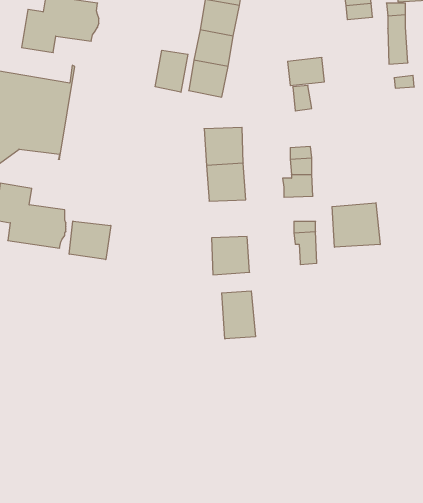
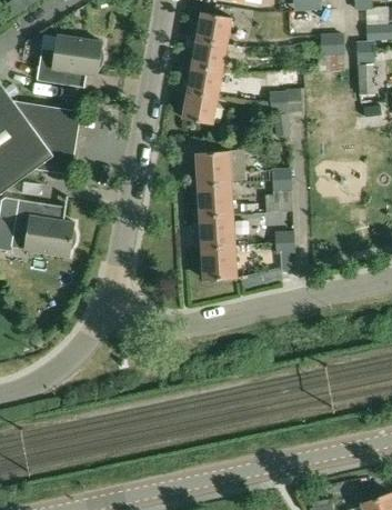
building: [155,50,188,92] -> none
building: none -> [200,213,233,247]
building: [332,203,380,247] -> none
building: [69,221,111,260] -> none
building: [222,291,255,339] -> none

